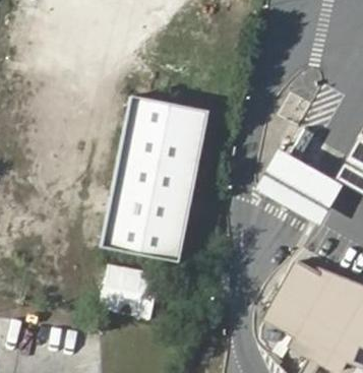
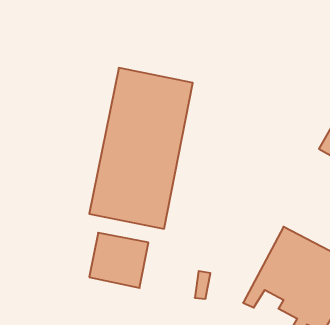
building: [255,148,343,225] -> none

